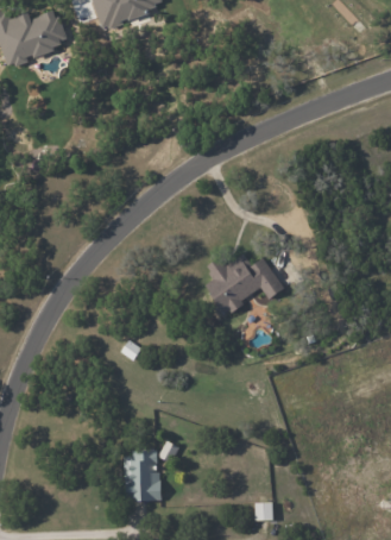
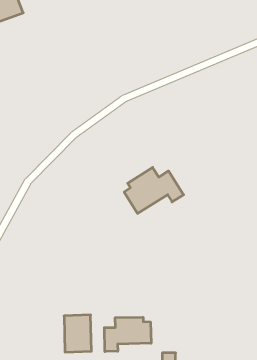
building: none -> [104,317,151,352]

